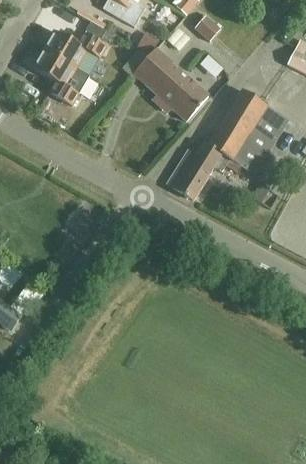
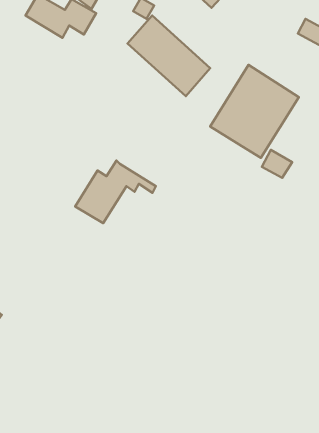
building: [31,48,82,104] -> none
building: [167,144,239,200] -> [75,160,156,223]

